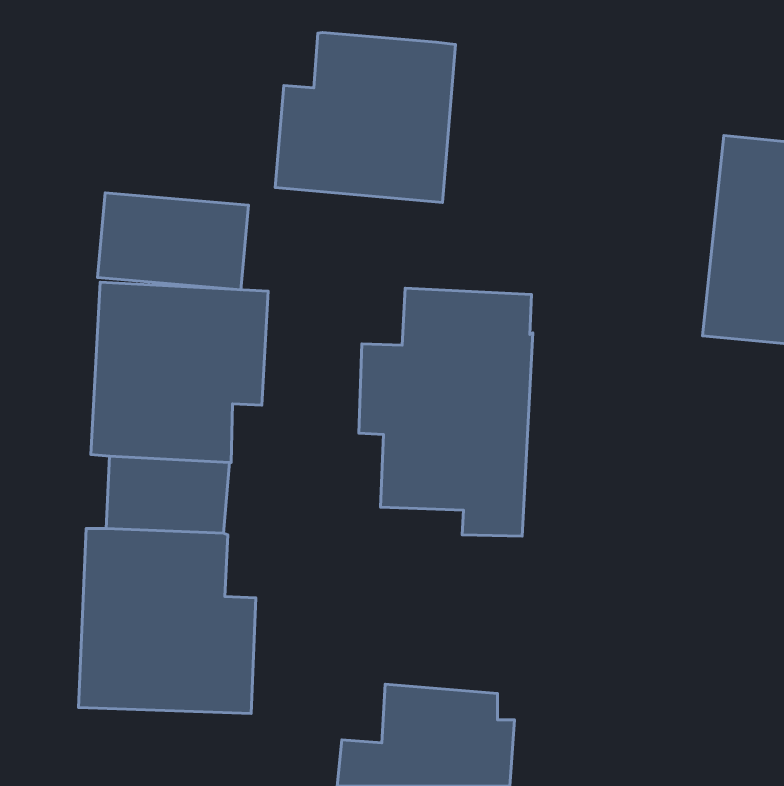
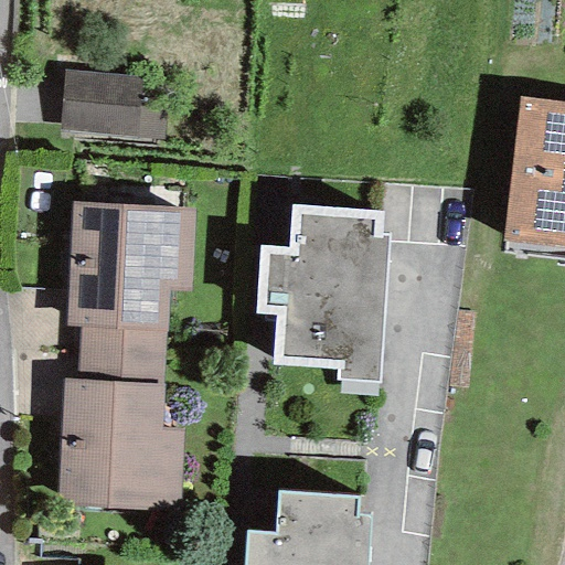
building: [275,32,455,202] -> none
building: [98,193,248,290] -> [60,67,168,137]

